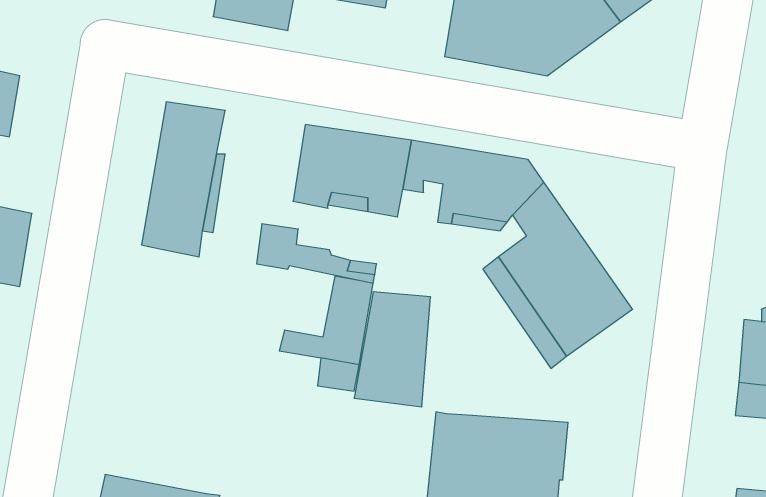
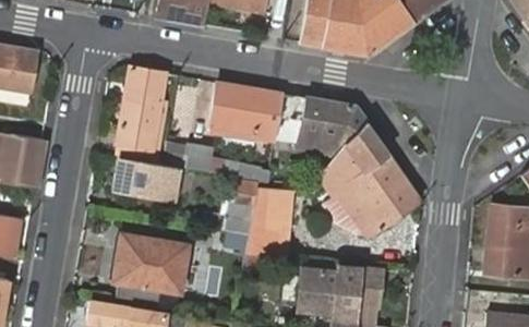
building: none -> [110,160,178,205]
building: none -> [115,233,187,289]

